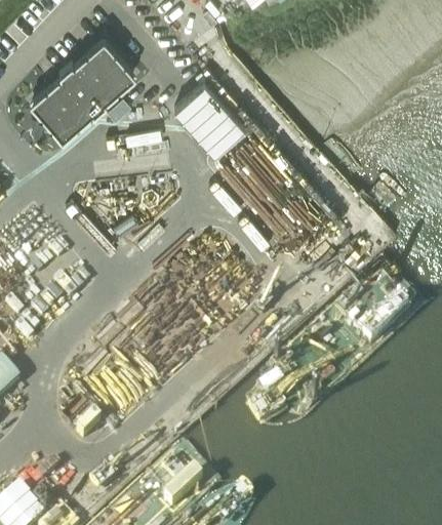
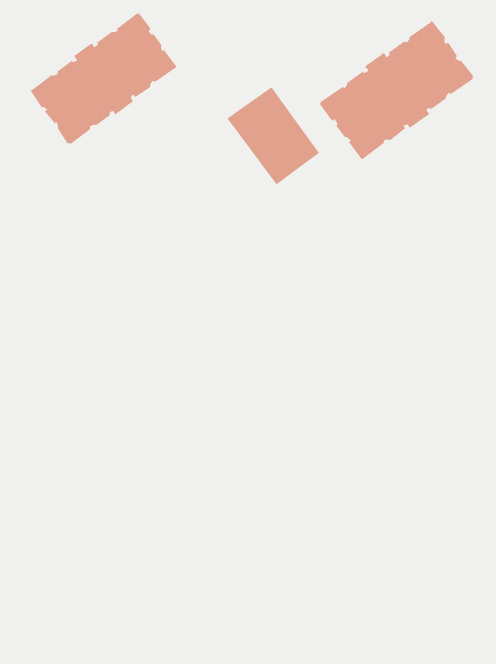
building: none -> [320,20,474,160]

